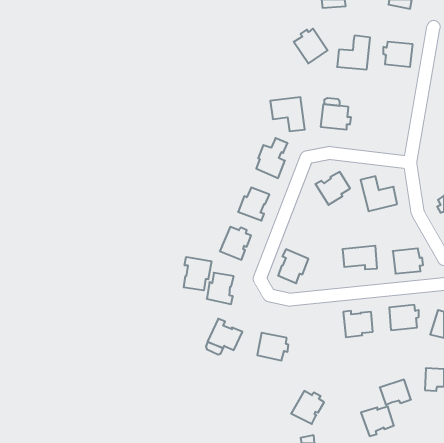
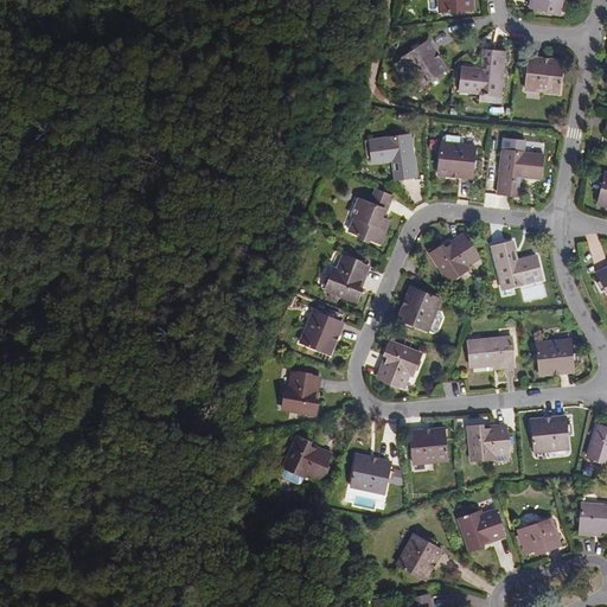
building: none -> [498,149,543,194]
building: none -> [398,286,440,331]
building: [184,257,211,290] -> none
building: none -> [407,428,448,462]
building: [361,407,394,436] -> [458,510,503,550]

